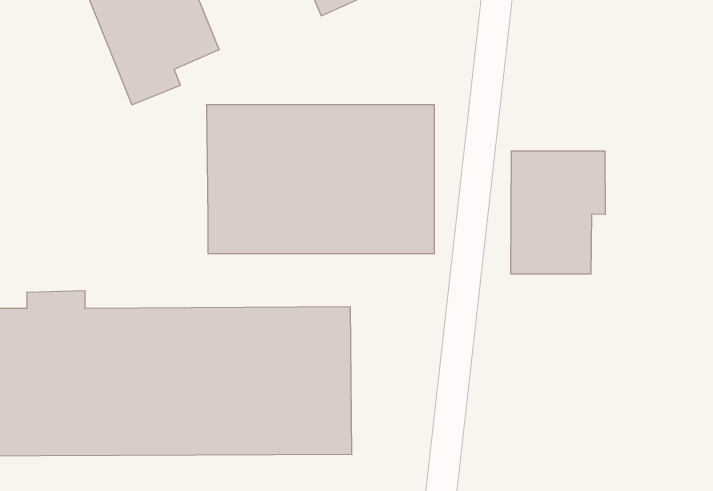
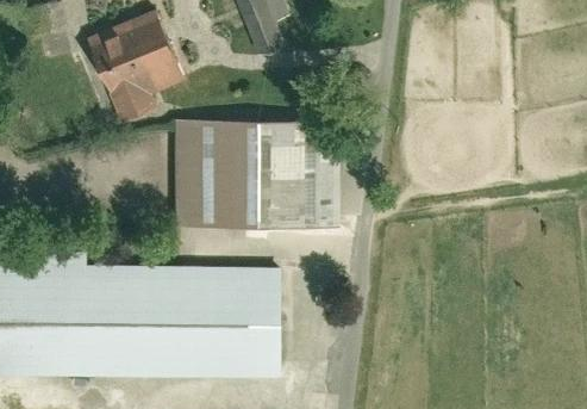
building: [511,151,605,274] -> none

